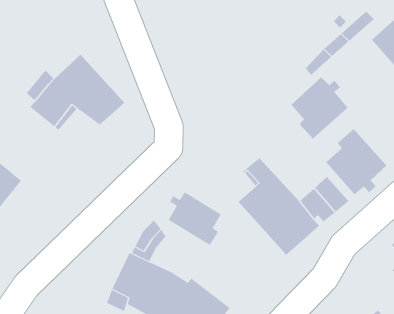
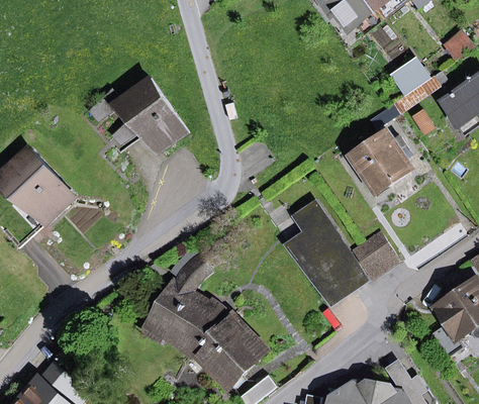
building: [326,128,387,195] -> none
building: [168,192,222,246] -> none

